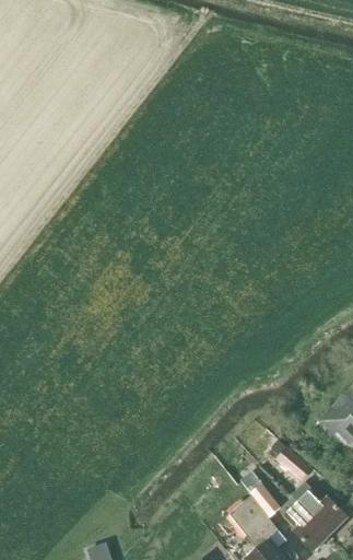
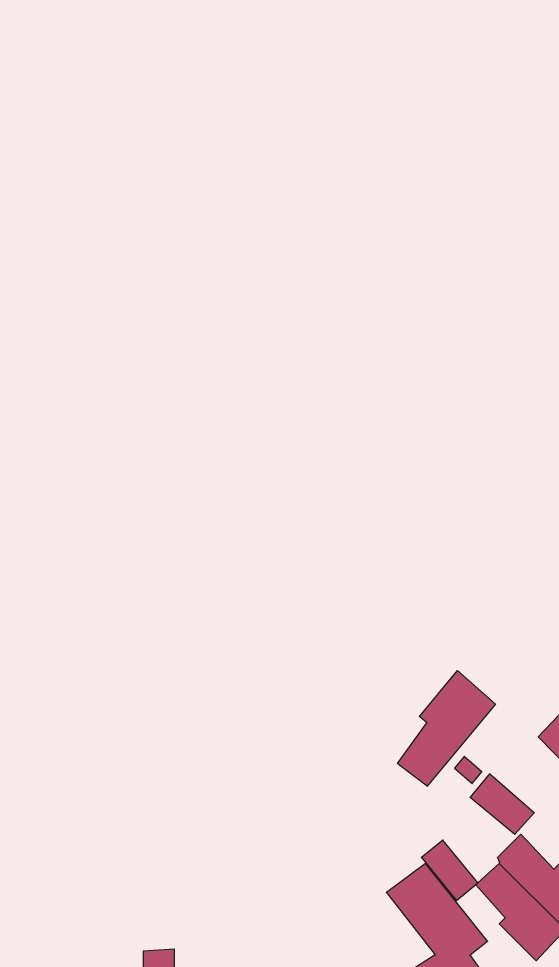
building: none -> [397,671,495,786]

